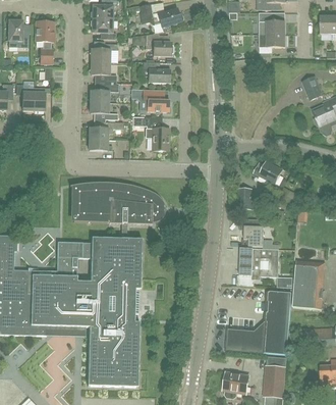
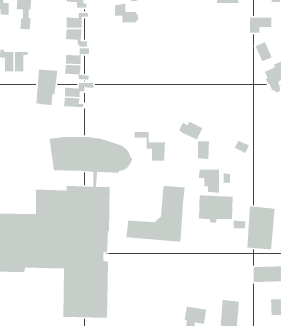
building: [259,34,284,52] -> [249,17,272,33]
building: [142,61,169,82] -> none
building: [130,89,169,111] -> none
building: none -> [35,69,58,106]
building: [132,116,168,150] -> [134,131,166,161]
building: [254,160,282,183] -> [178,121,204,141]
building: [224,290,291,354] -> [126,185,186,243]

